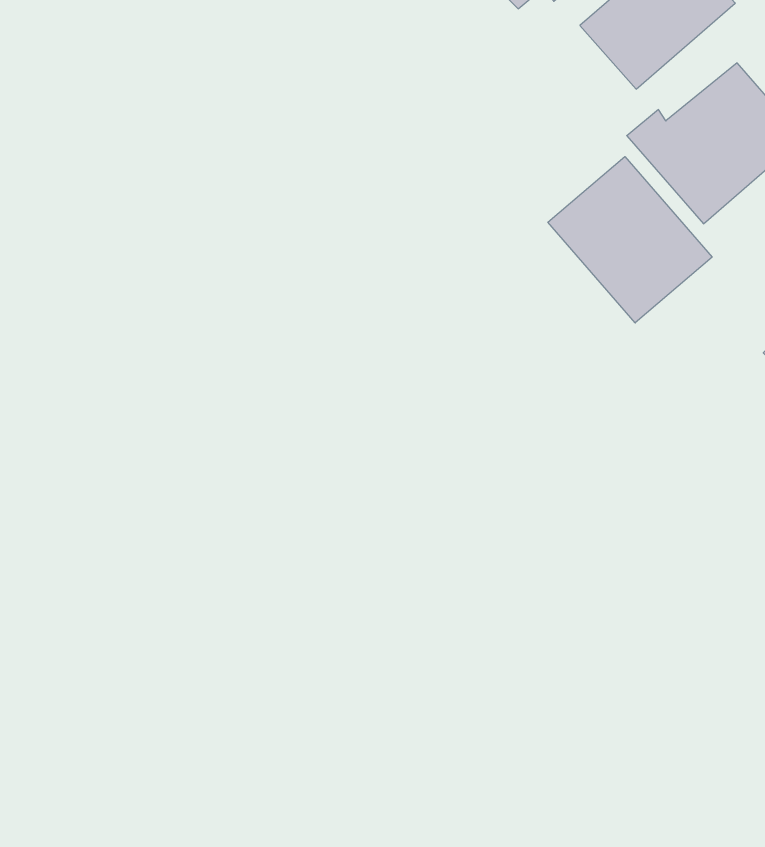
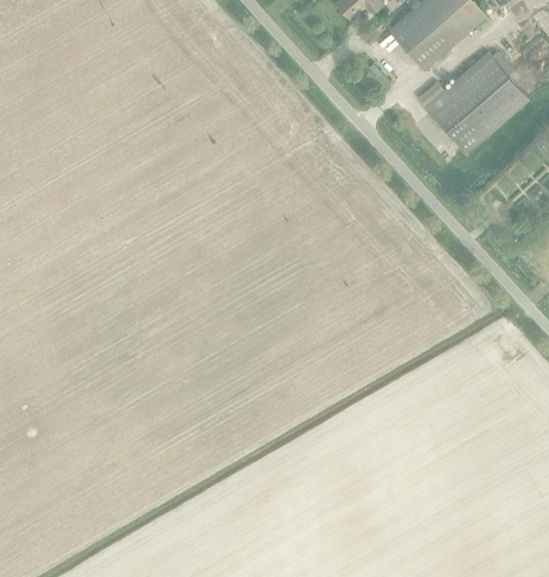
building: [548,157,712,323] -> none

